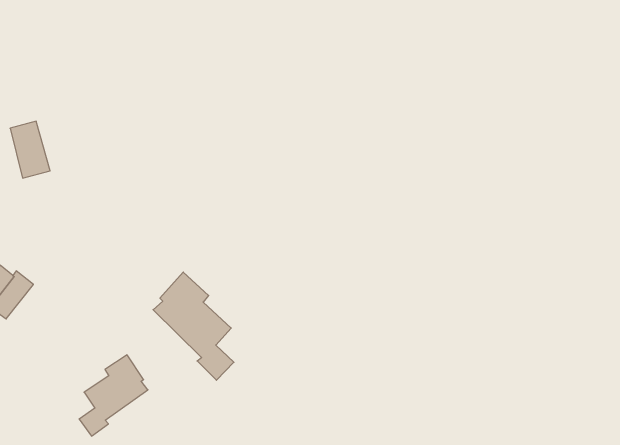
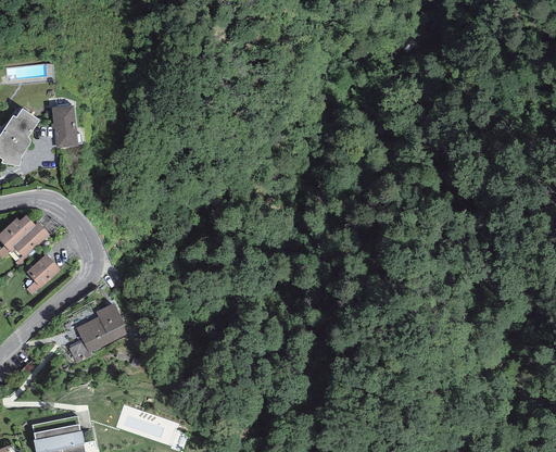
building: [153,272,234,380] -> none
building: none -> [26,253,61,294]

